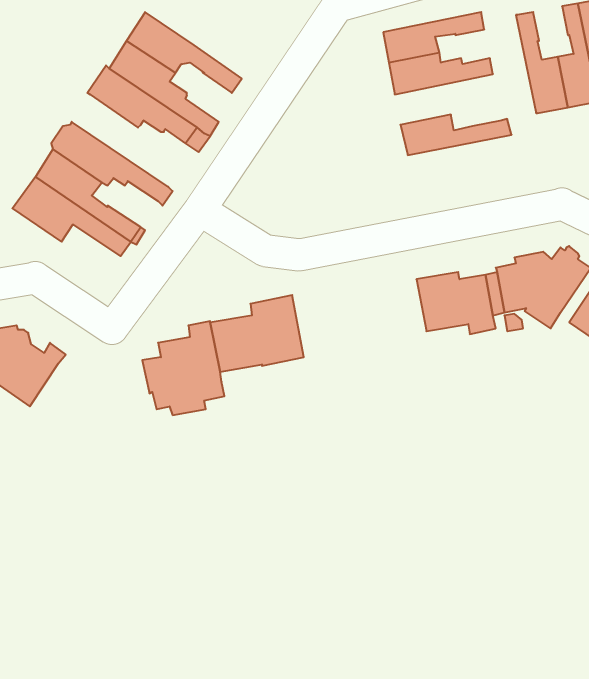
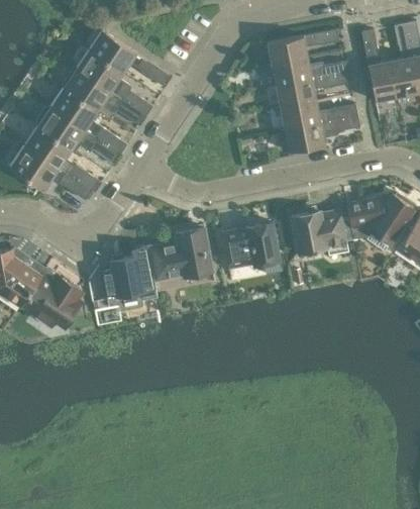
building: none -> [277,73,347,108]
building: none -> [50,87,128,155]
building: none -> [286,115,360,151]
building: none -> [222,222,283,275]
building: none -> [21,275,82,325]

